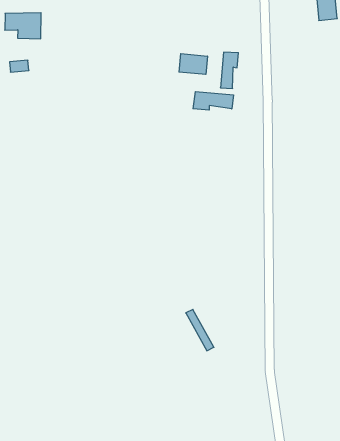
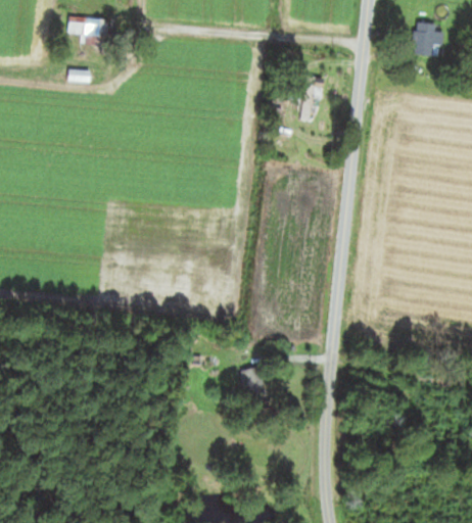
building: [179,54,207,74] -> none
building: [193,92,233,110] -> none

